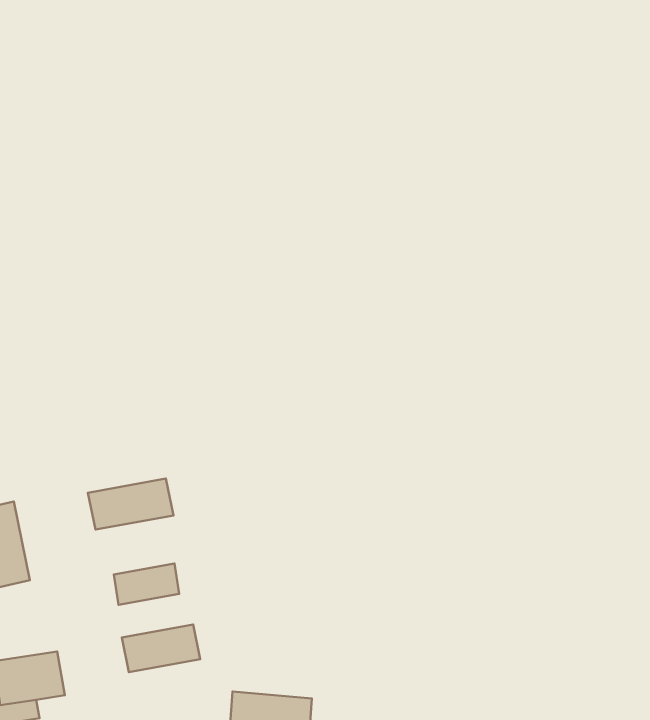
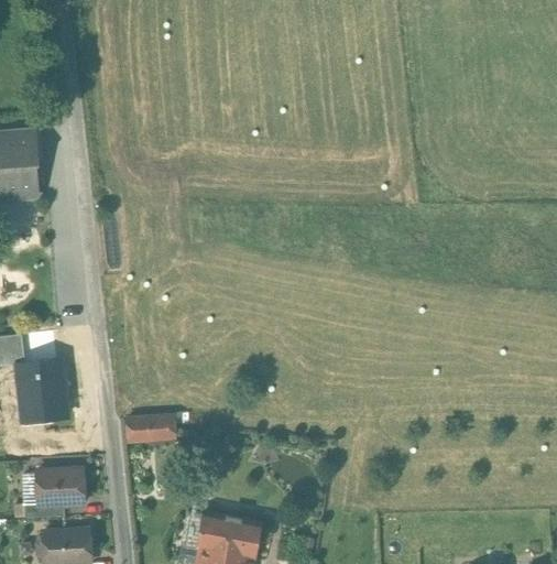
building: [88,479,174,530] -> none
building: [122,625,200,672] -> none

